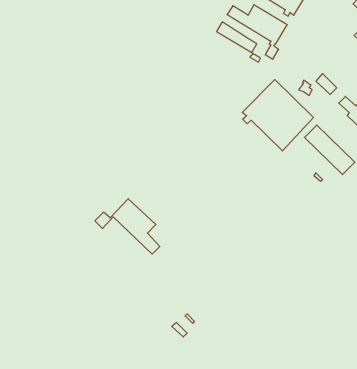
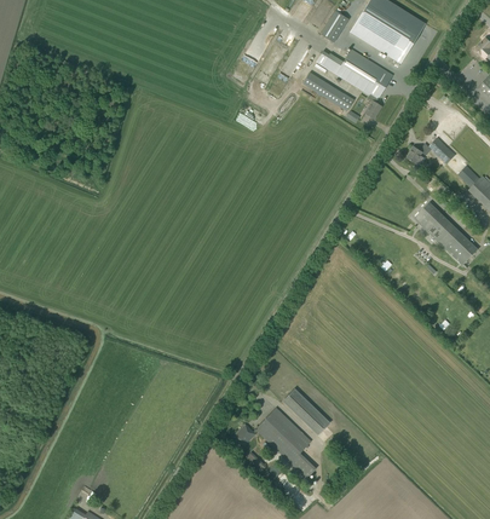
building: [242,80,313,151] -> none
building: [95,199,160,254] -> [235,408,317,478]
building: none -> [283,387,332,434]

